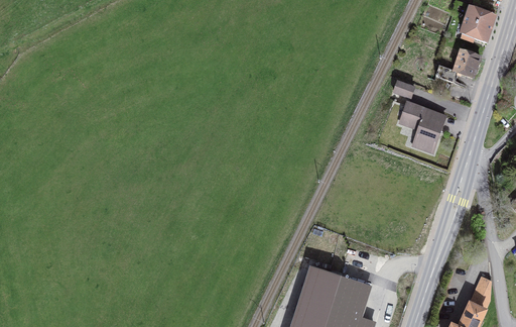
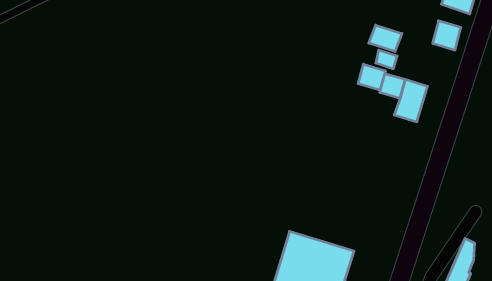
building: none -> [369,25,402,52]
building: none -> [358,64,385,90]

